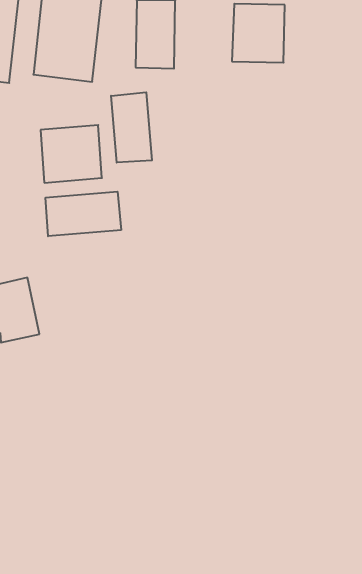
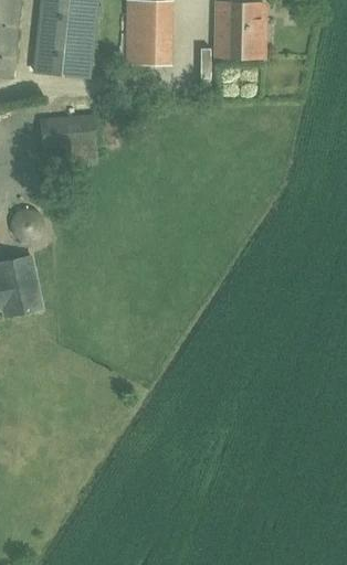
building: [111,92,152,163] -> none
building: [46,192,121,236] -> none

